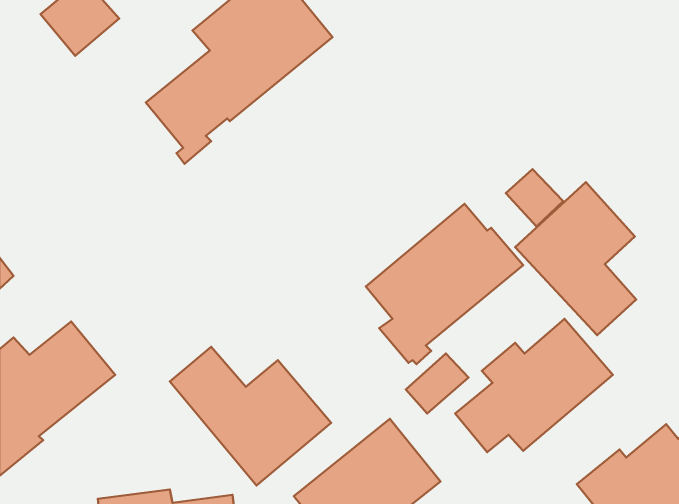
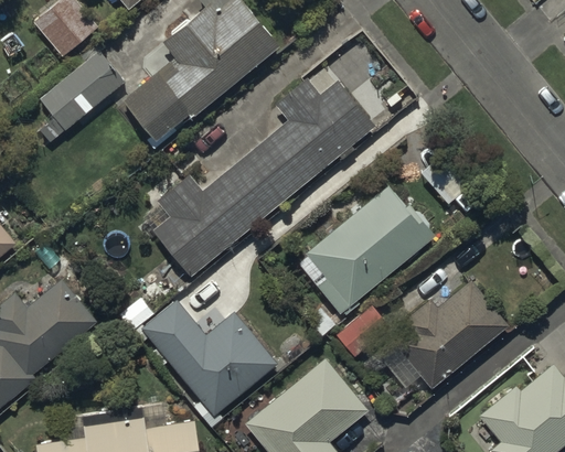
building: none -> [38,53,124,146]
building: none -> [153,79,376,278]
building: [515,182,636,335] -> none

